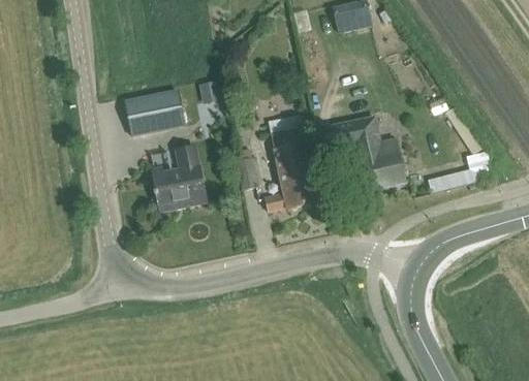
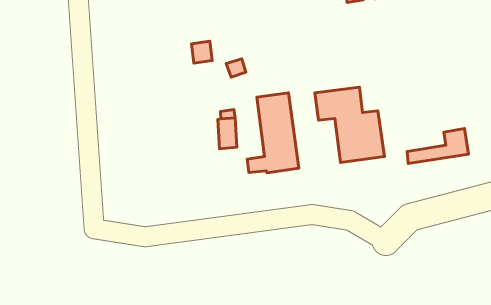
building: [125,90,184,135] -> none
building: [152,146,206,208] -> none

